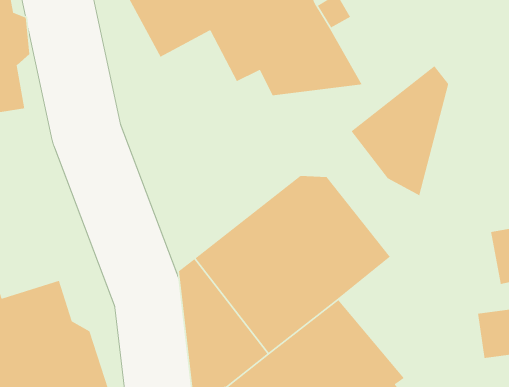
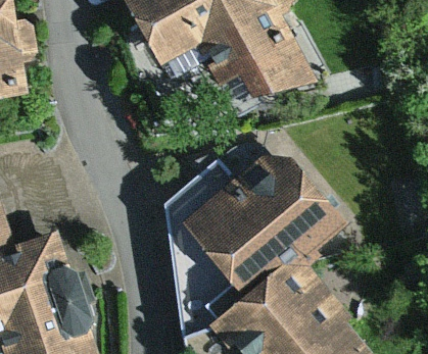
building: [350,65,449,196] -> none

